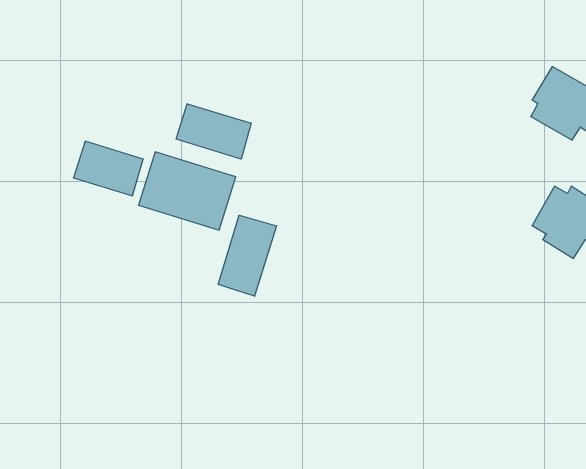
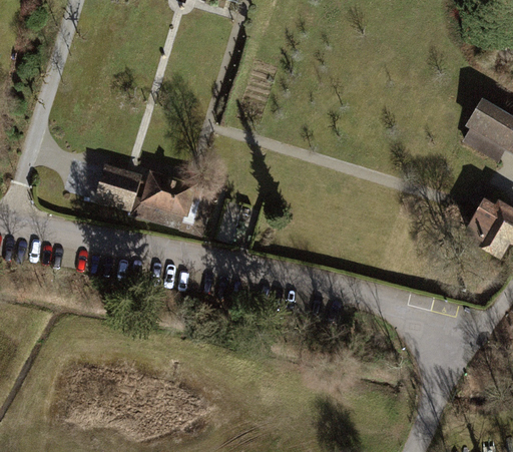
building: [176,104,251,159] -> none
building: [218,215,276,296] -> none

